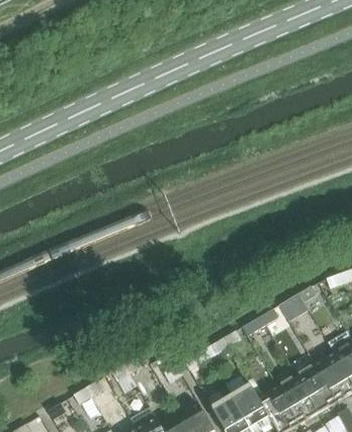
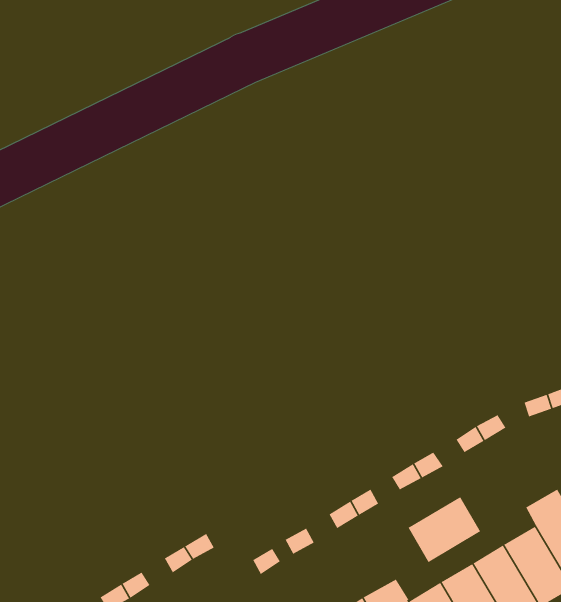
building: none -> [408,496,481,563]

